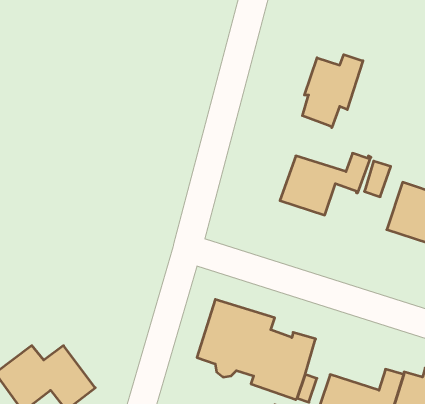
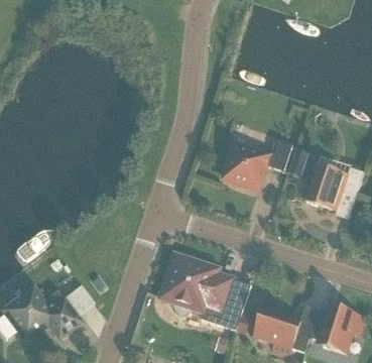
building: [302,55,363,128] -> none

